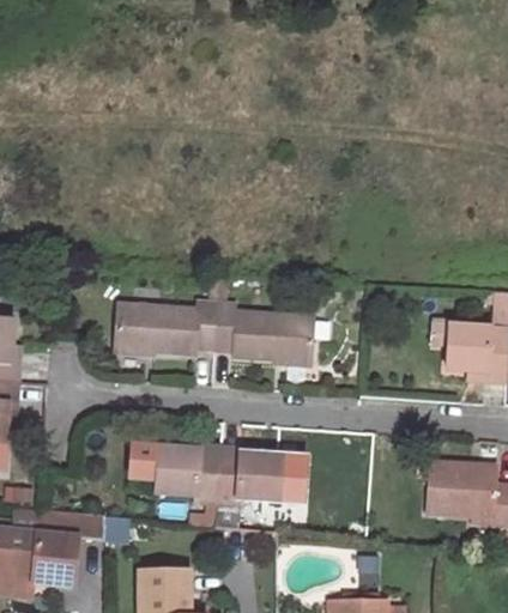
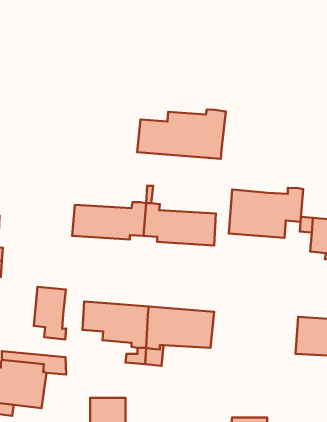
building: none -> [137,110,226,159]
building: none -> [229,188,303,238]
building: none -> [34,287,66,339]

